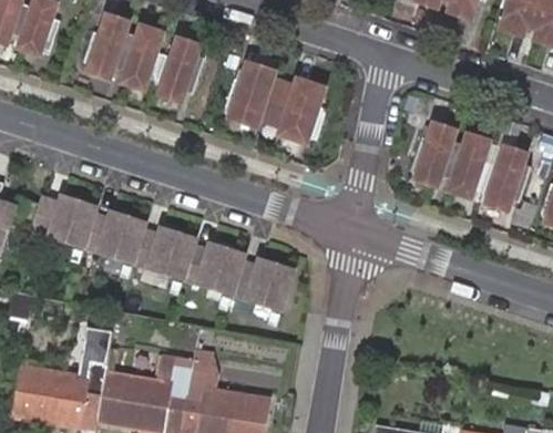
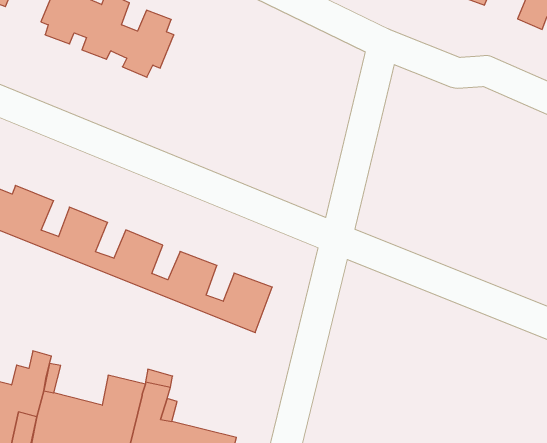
building: [222,56,324,138] -> none
building: [409,117,529,204] -> none

